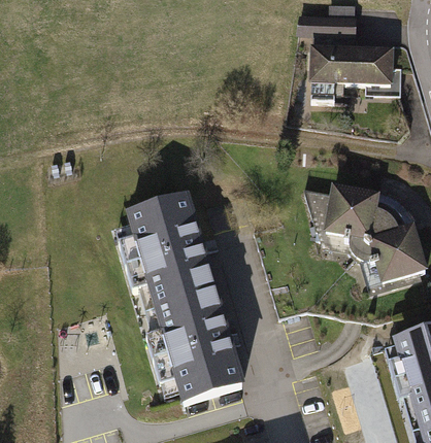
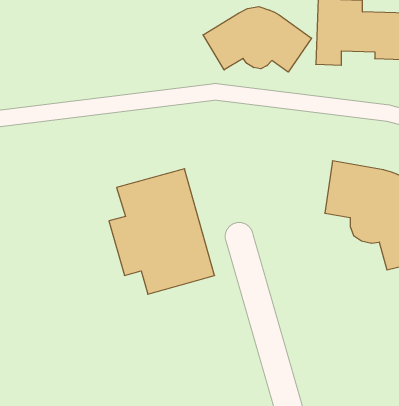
building: none -> [203,7,312,72]
building: [148,289,244,404] -> none

